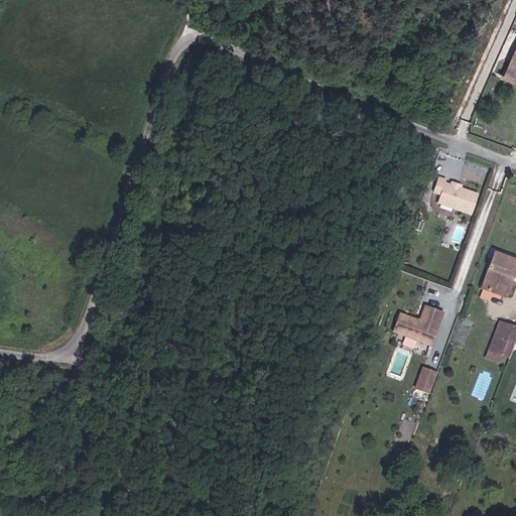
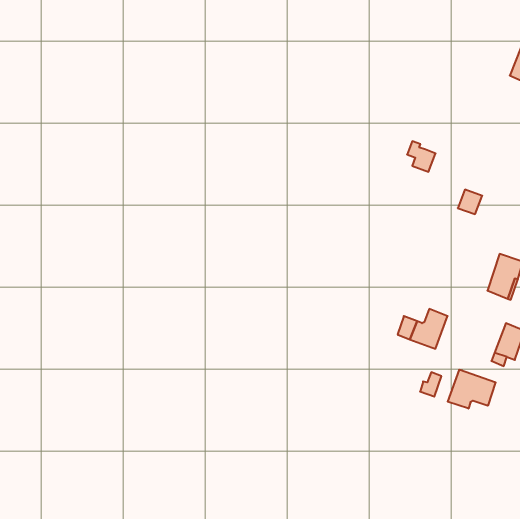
building: [432,175,461,206] -> [407,141,436,172]
building: none -> [448,370,496,409]

